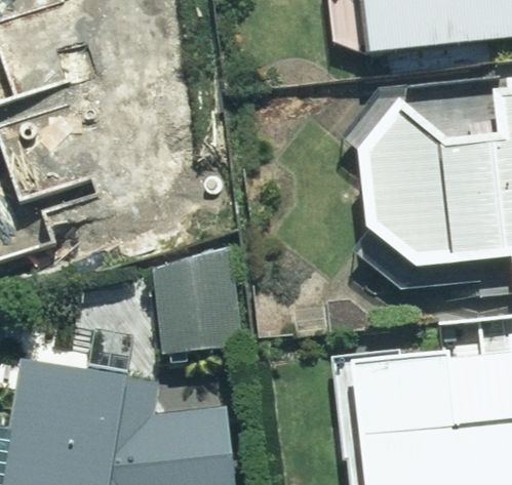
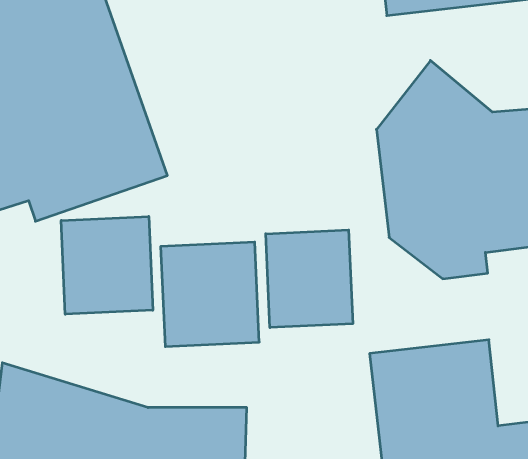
building: none -> [61,216,153,314]
building: none -> [266,230,353,328]

